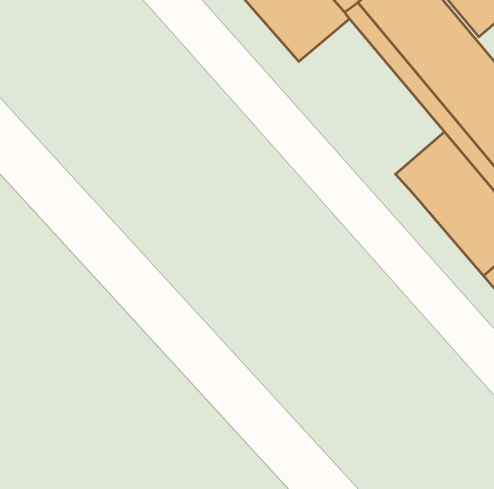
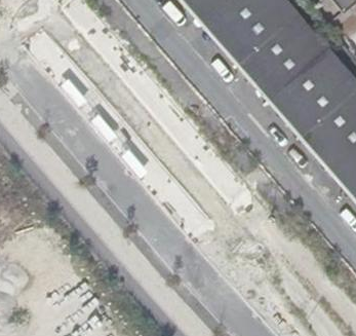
building: none -> [219,14,310,112]

